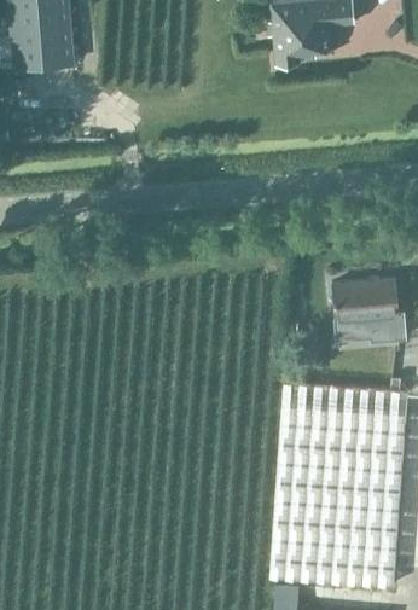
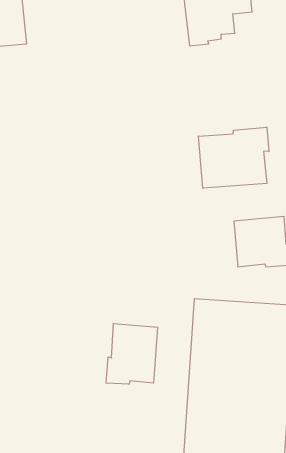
building: none -> [198,127,269,188]
building: none -> [106,323,157,384]

